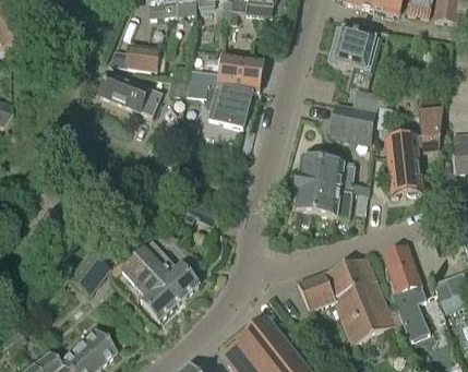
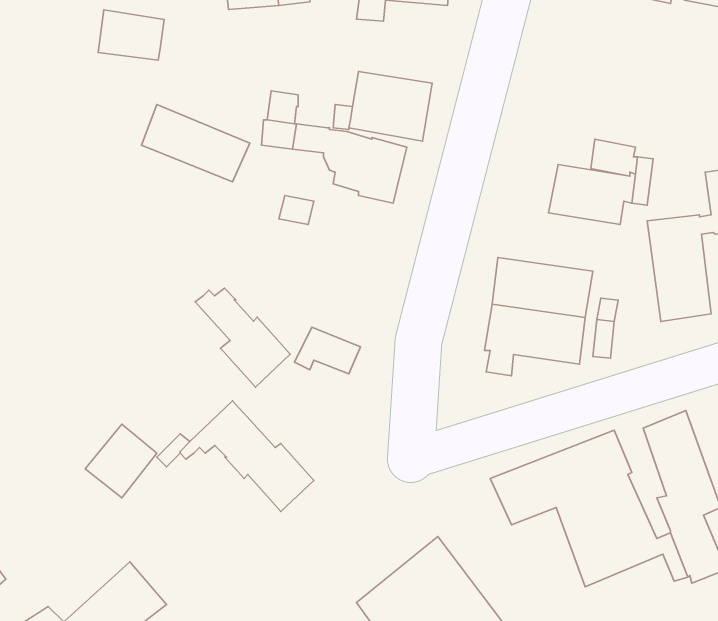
building: [336,31,375,70] -> none
building: [124,43,161,71] -> [98,10,164,60]
building: [125,263,179,319] -> [195,288,290,387]

